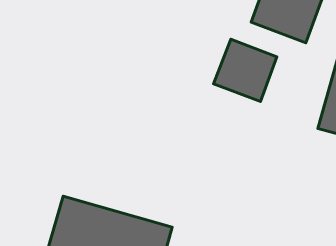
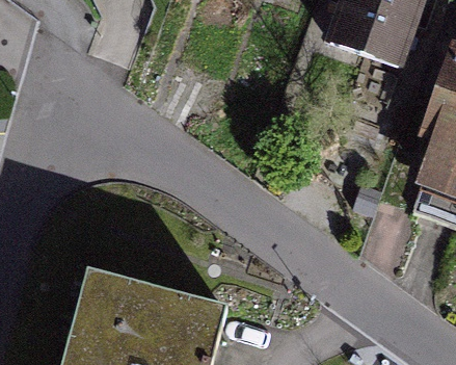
building: [213,39,277,101] -> none

